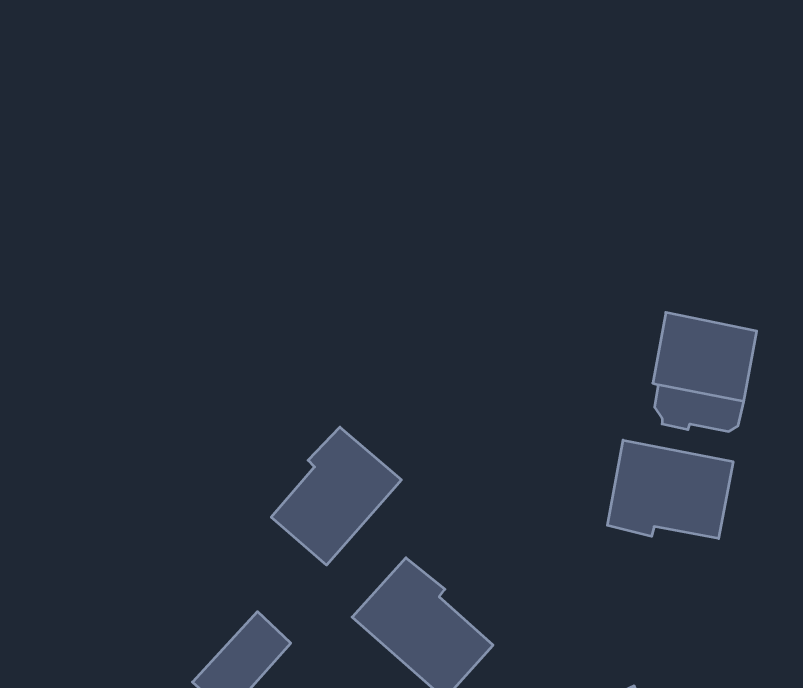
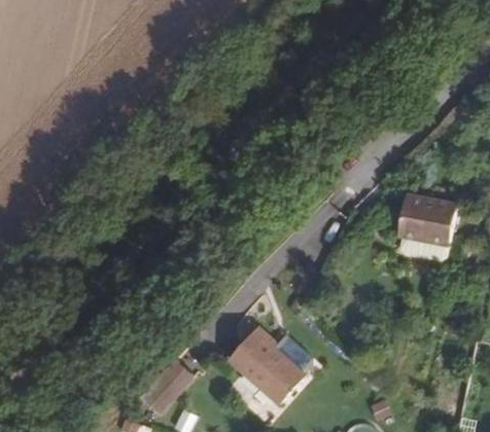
building: [271,427,401,565] -> none
building: [607,440,733,539] -> none

